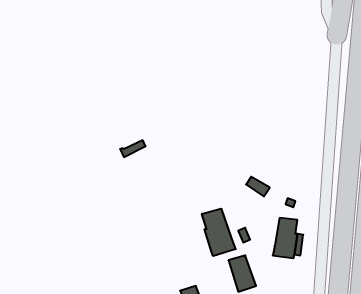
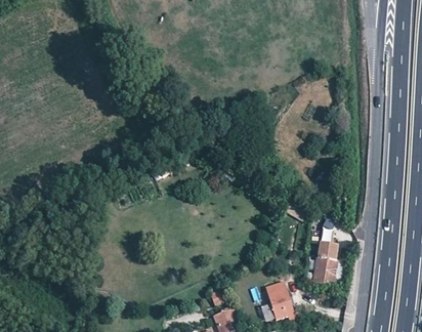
building: [202,209,236,256] -> none

